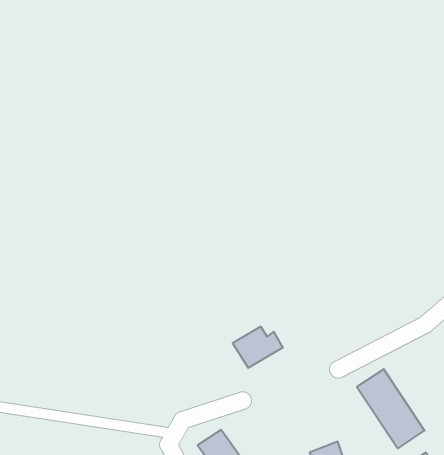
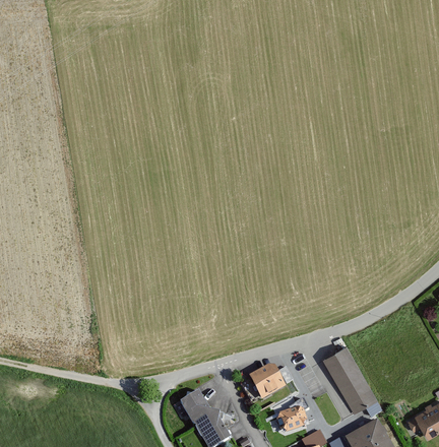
building: [233,327,283,368] -> [248,364,292,399]

